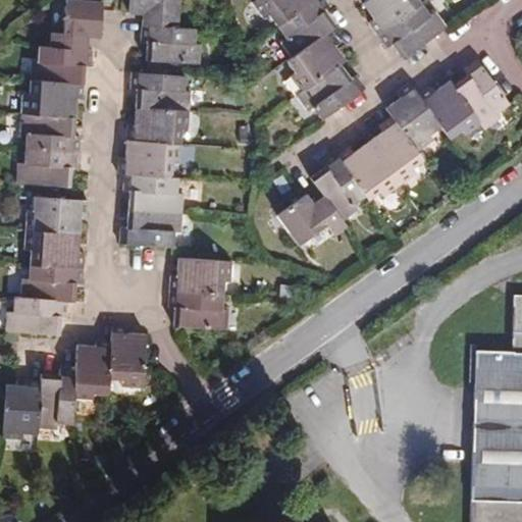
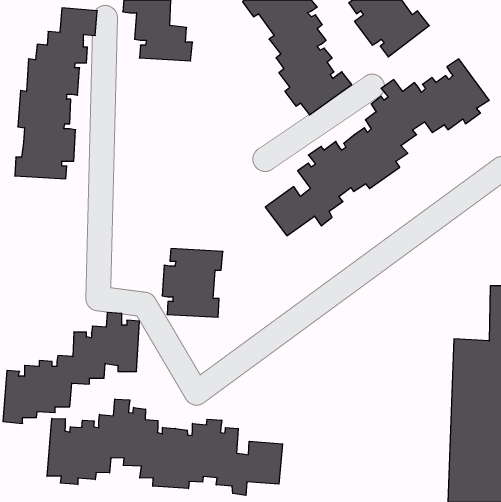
building: [118,71,191,247] -> none
building: [7,196,88,334] -> none
building: none -> [47,399,283,495]

